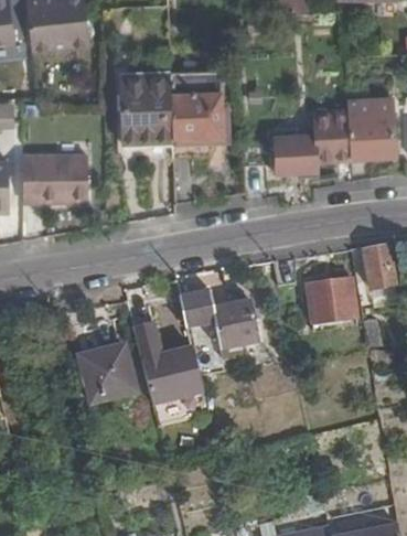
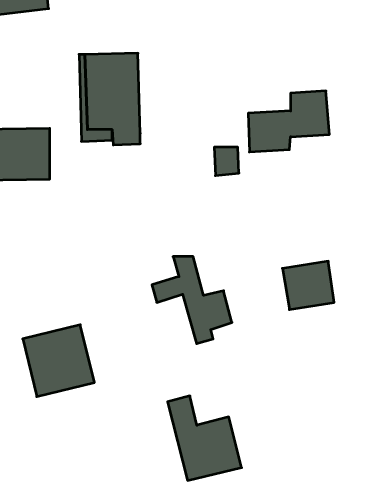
building: [170,74,222,159] -> none
building: [346,90,395,160] -> none
building: [363,247,395,288] -> none
building: [136,325,205,405] -> [168,396,242,480]

